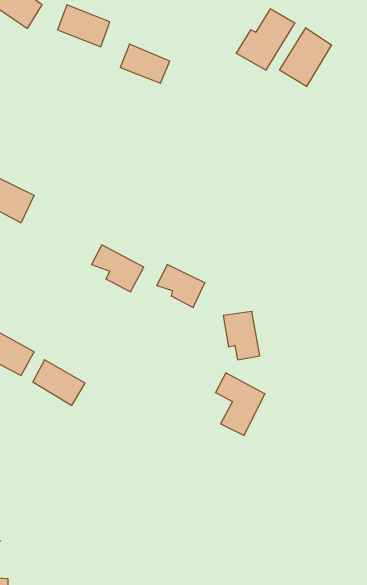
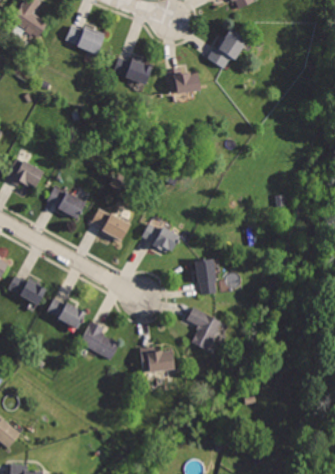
building: [280,28,331,87] -> none
building: none -> [167,68,202,97]
building: none -> [46,185,89,220]
building: none -> [80,321,124,362]
building: none -> [142,347,176,375]

